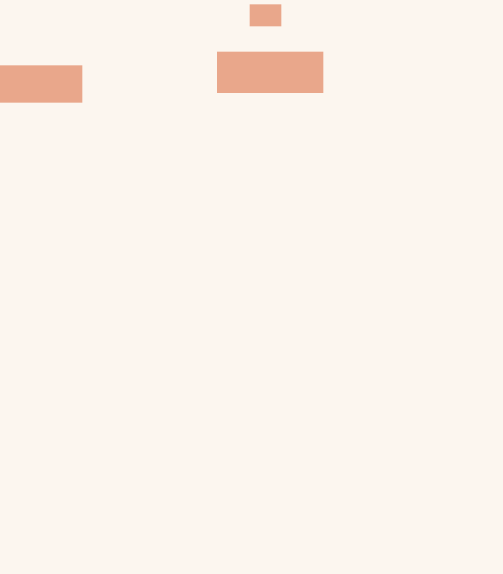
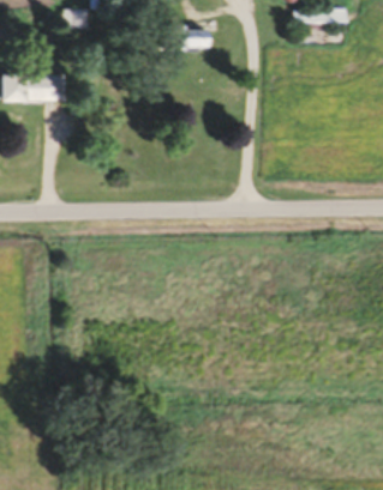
building: [217,51,324,94] -> none

